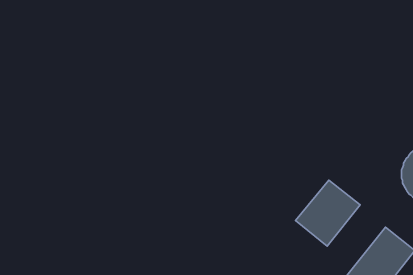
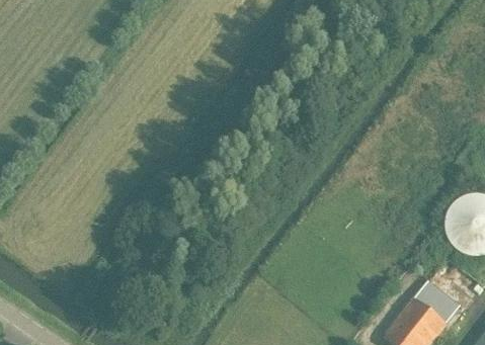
building: [296,180,360,246] -> none

